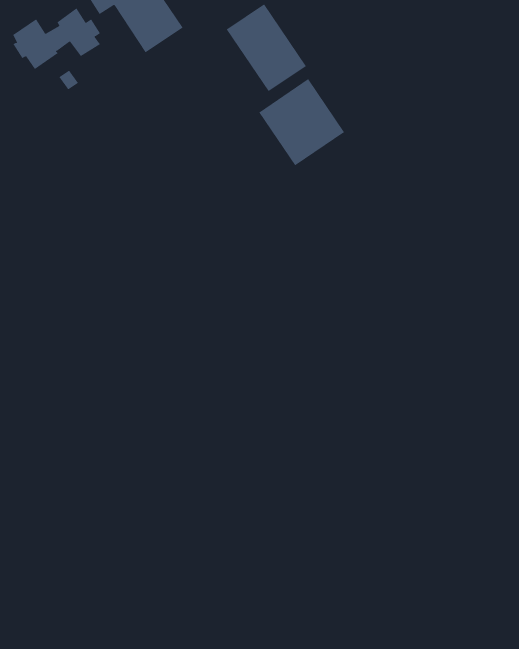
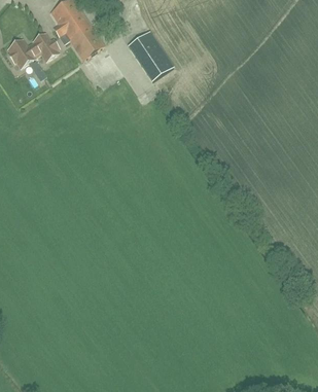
building: [258,78,345,166] -> none

